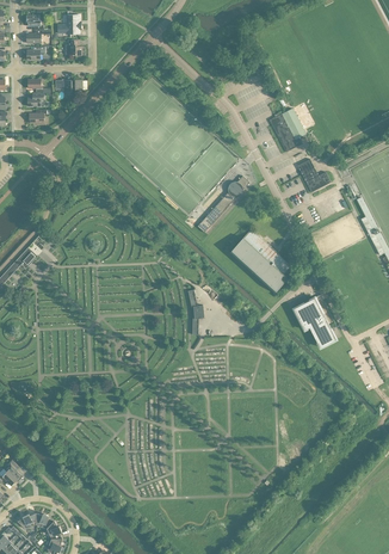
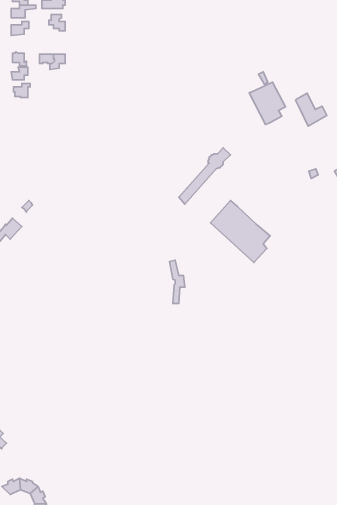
building: [297,158,329,191] -> [295,93,327,126]
building: [292,296,335,346] -> none

